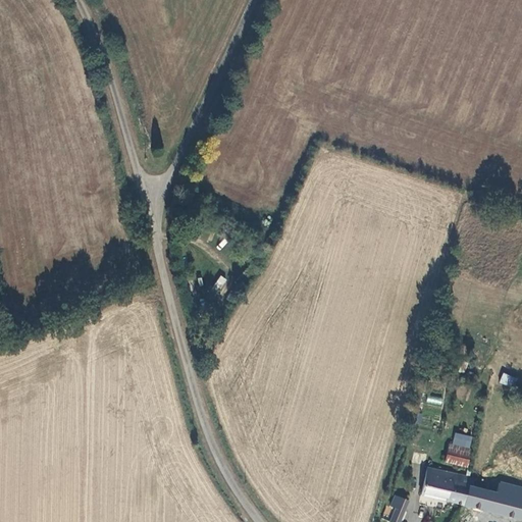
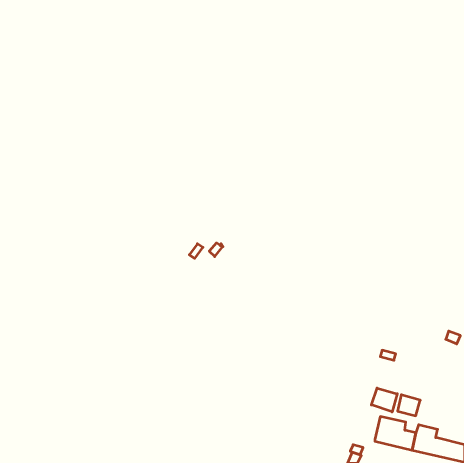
building: none -> [371,388,397,412]

